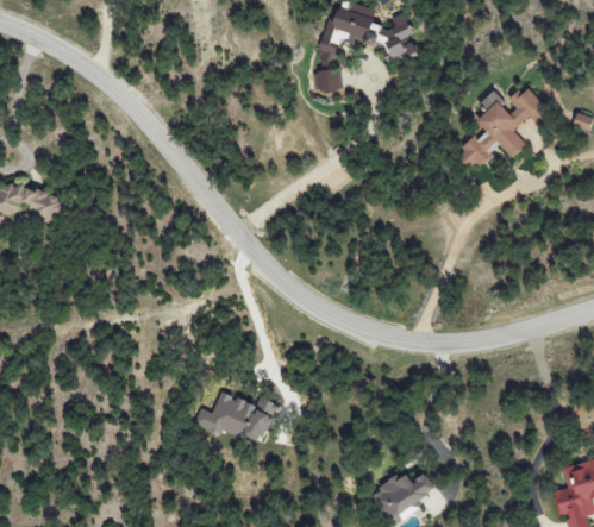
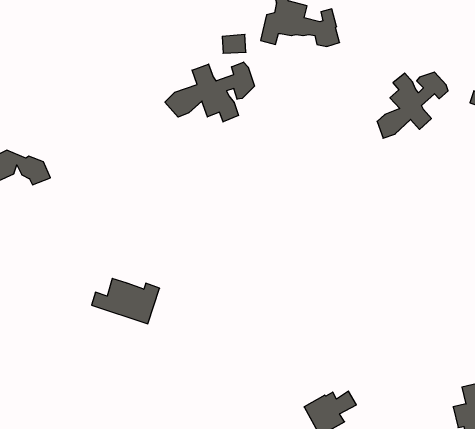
building: [313,68,342,90] -> [222,34,246,53]
building: none -> [165,62,255,122]
building: [194,391,276,446] -> [92,278,160,324]

